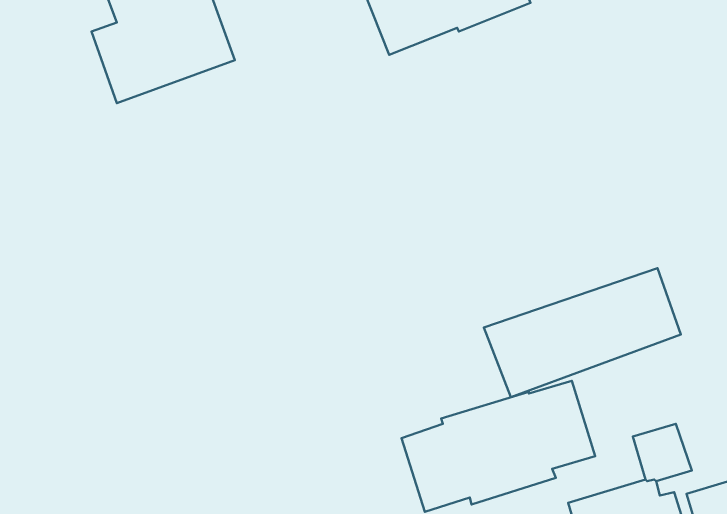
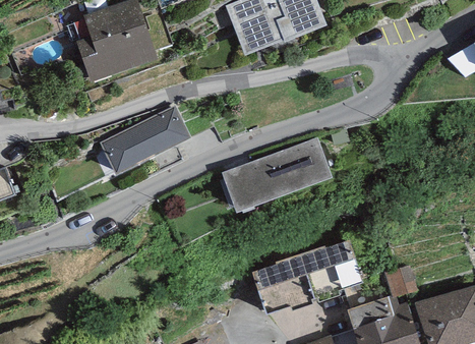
building: none -> [100,105,190,174]
building: [484,268,681,397] -> [221,138,333,212]

